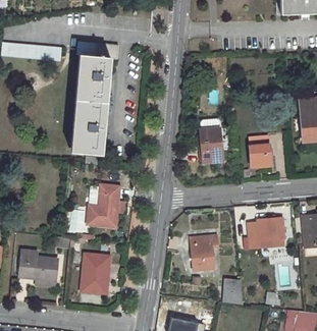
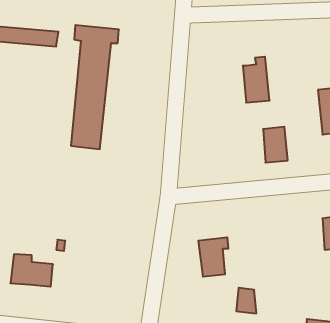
building: [199,120,223,162] -> [243,57,270,103]
building: [88,184,119,226] -> none
building: [248,217,283,243] -> none
building: [82,253,109,292] -> none

